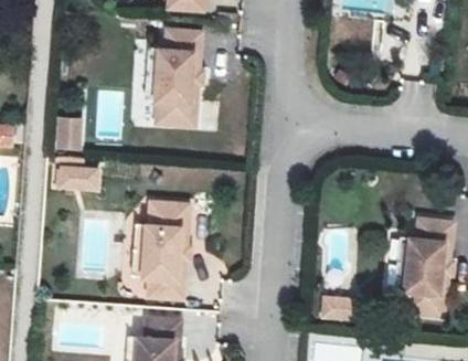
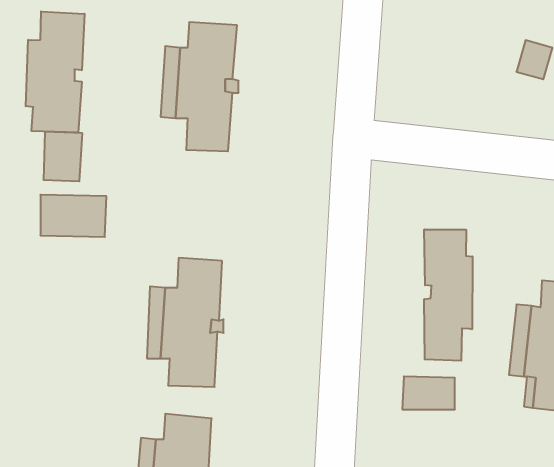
building: none -> [26,11,85,132]
building: none -> [424,229,472,361]

